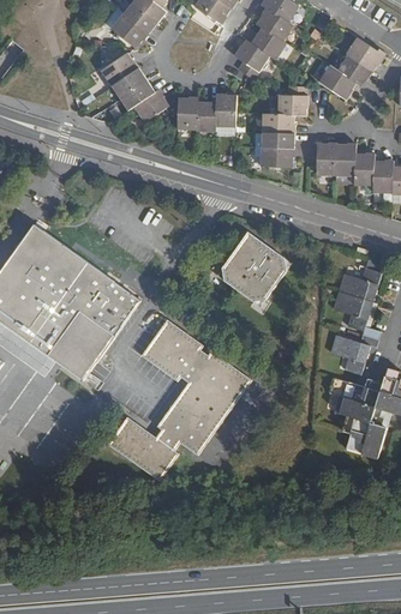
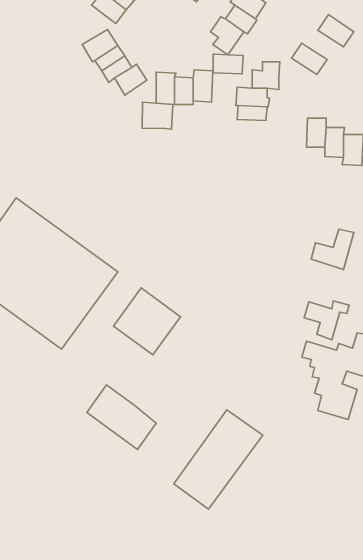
building: [336,54,372,85] -> none
building: none -> [142,102,173,129]
building: [305,143,335,185] -> none
building: [261,145,292,165] -> [213,54,243,74]
building: [213,230,288,306] -> none
building: [333,290,381,338] -> none
building: [156,355,249,458] -> [174,410,263,509]

